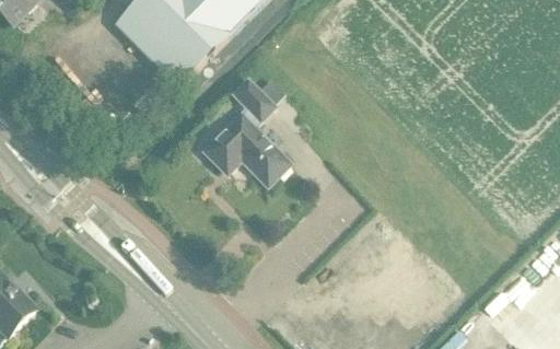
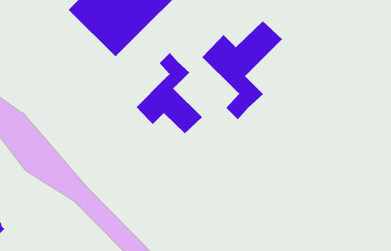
building: none -> [202,20,283,120]

